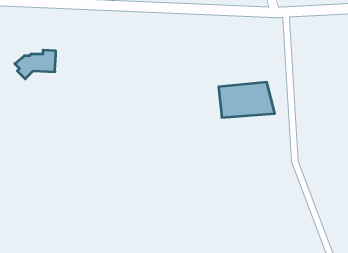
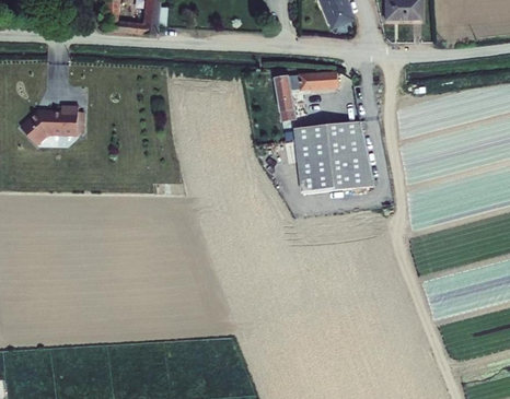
building: none -> [276,75,338,121]
building: none -> [297,124,364,153]

